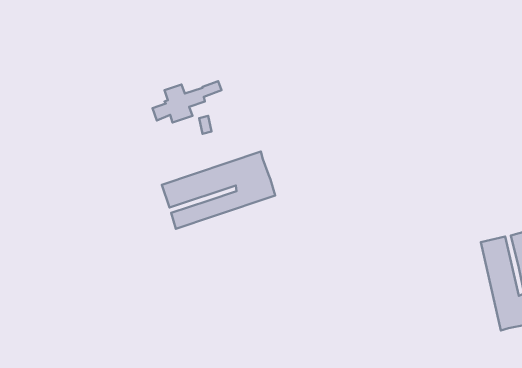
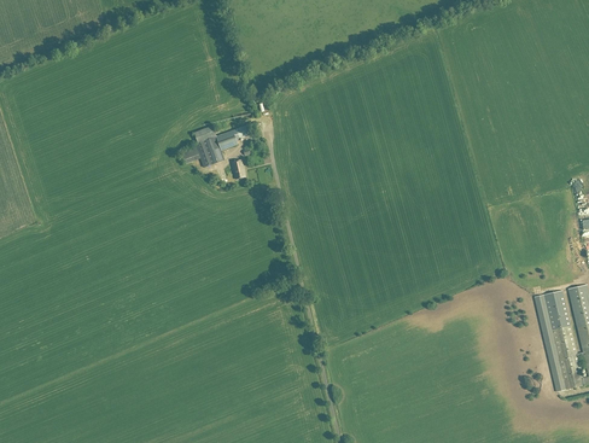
building: [162,152,275,229] -> none

